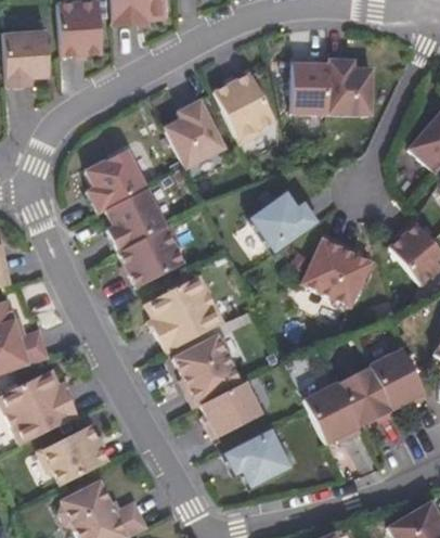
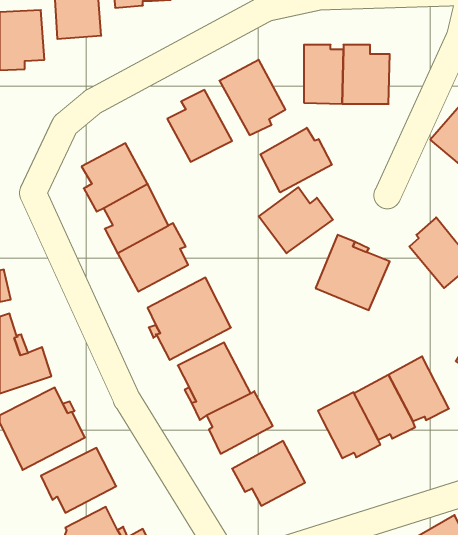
building: none -> [260,128,332,192]

